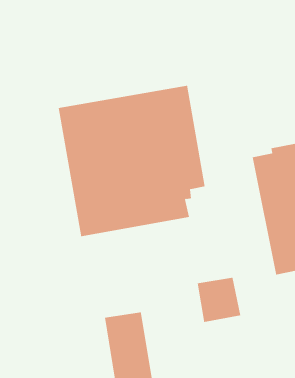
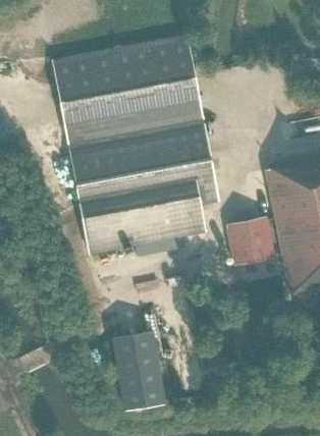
building: none -> [55,35,200,119]
building: [197,277,241,323] -> [226,218,272,265]

